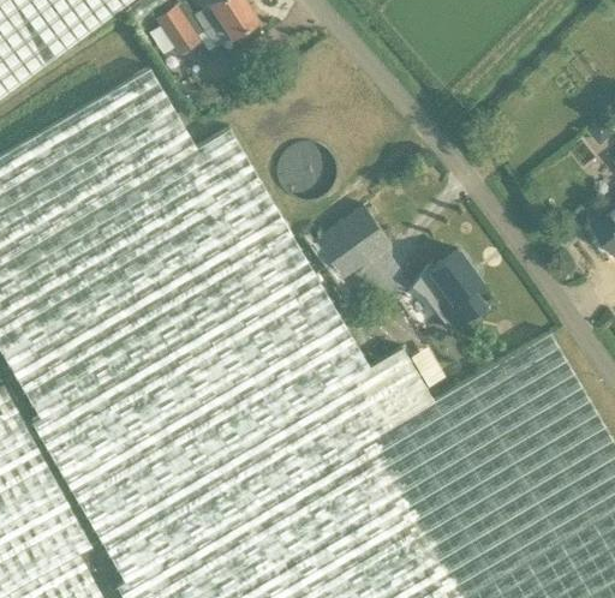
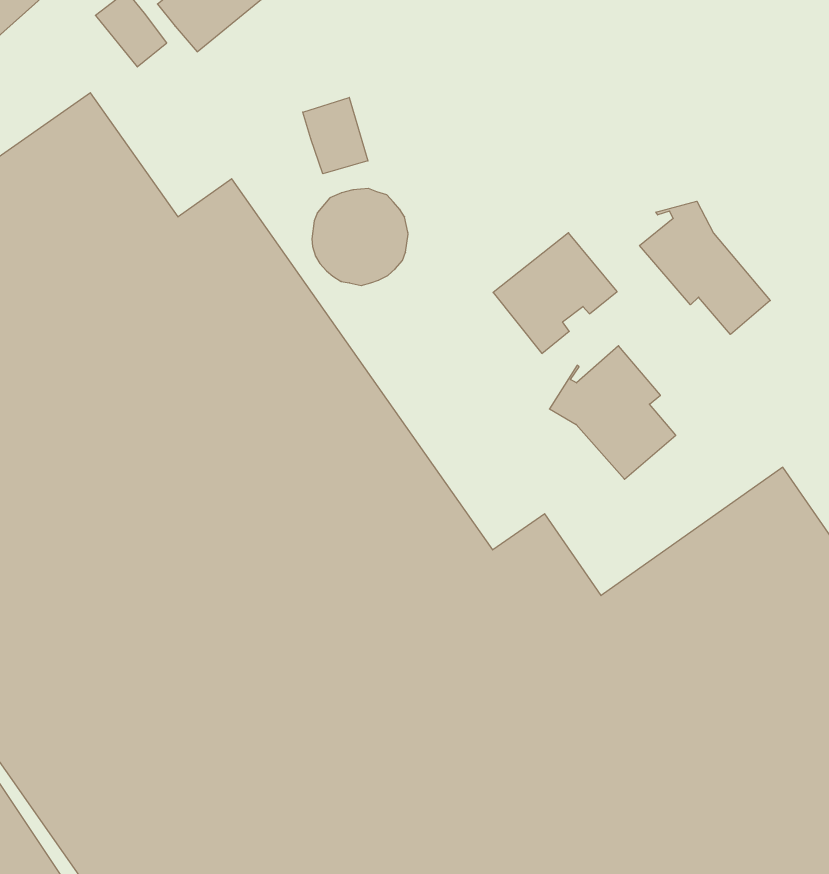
building: none -> [303,97,368,174]
building: none -> [640,201,770,334]
building: [317,203,393,275] -> [493,233,617,353]

